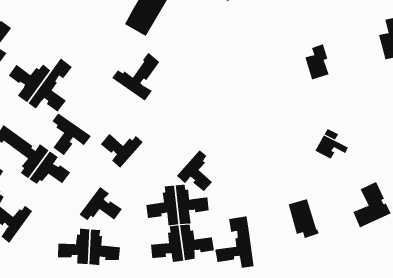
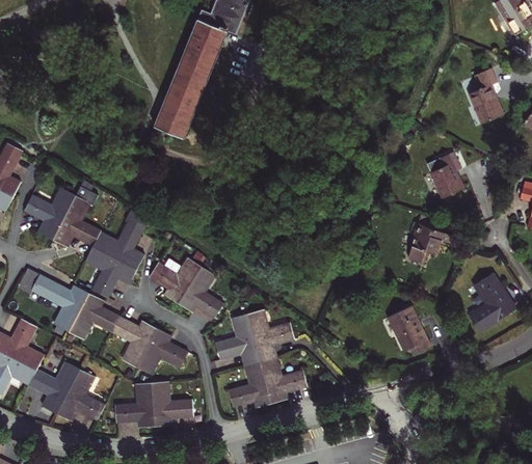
building: [305,44,329,80] -> [430,152,463,198]
building: [111,52,160,102] -> [90,207,148,268]
building: [176,150,213,192] -> [177,266,222,317]
building: none -> [109,316,155,365]
building: none -> [55,370,103,420]
building: [215,216,254,269] -> none

